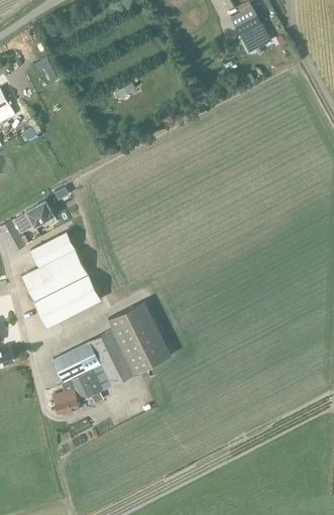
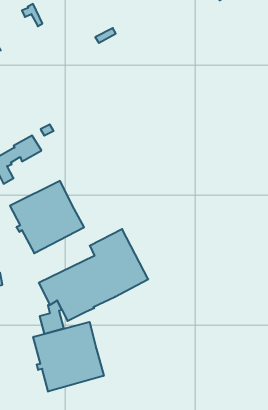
building: [30,231,75,266] -> none
building: none -> [33,322,104,392]

